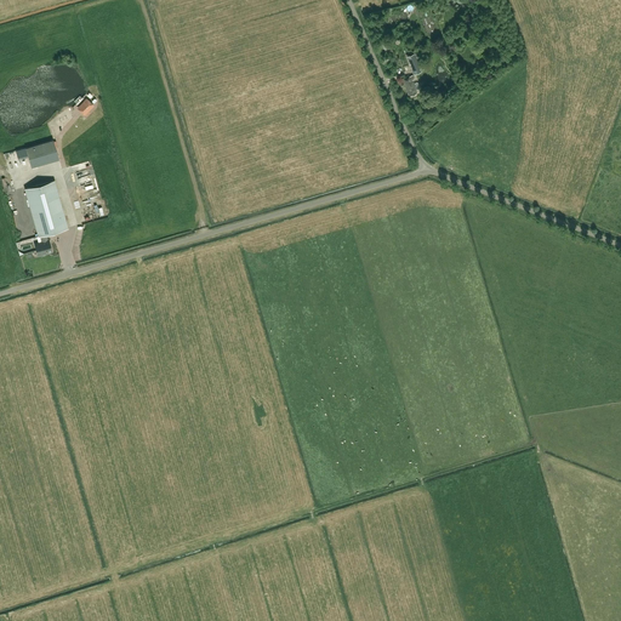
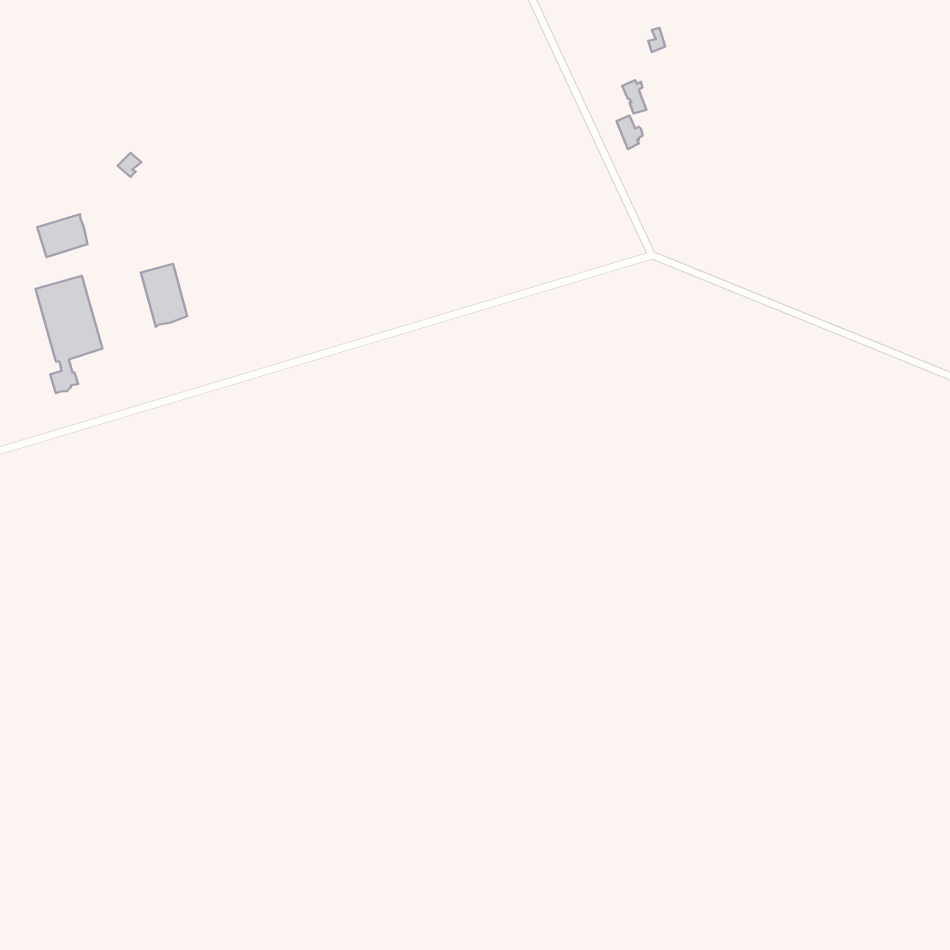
building: none -> [141,264,187,327]

